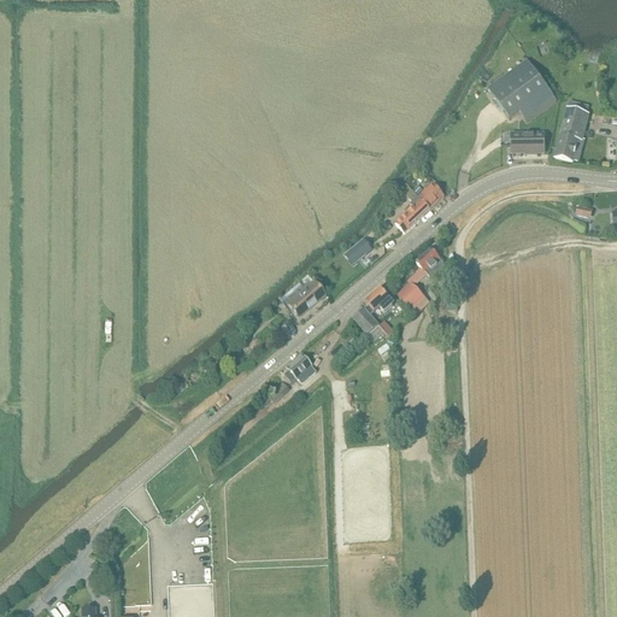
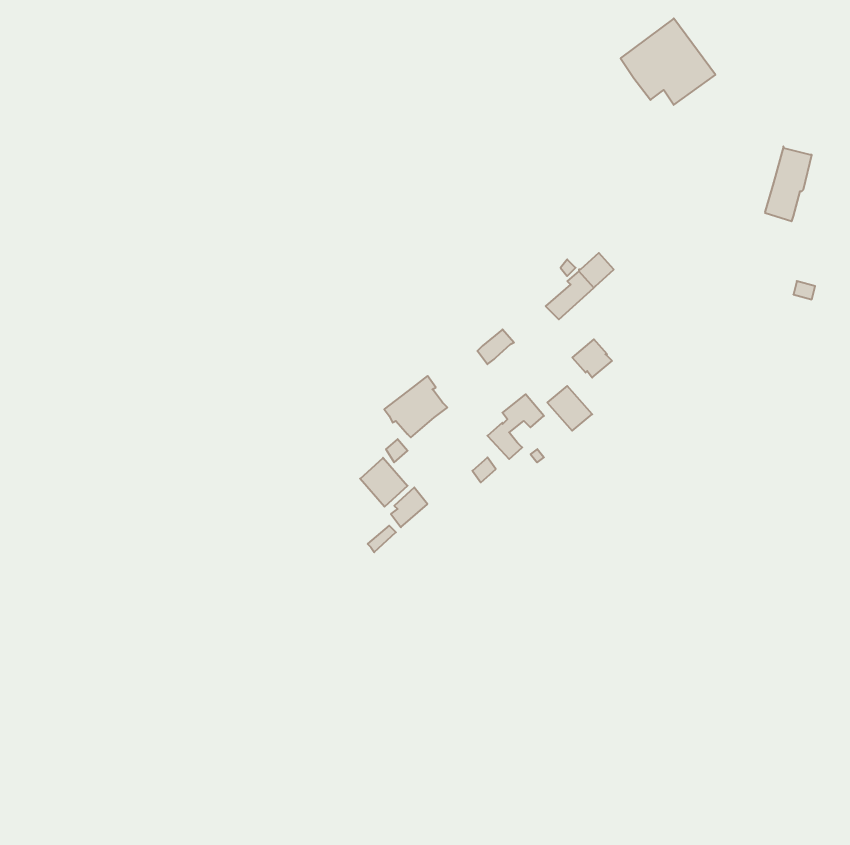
building: [488,58,557,121] -> [621,18,715,105]
building: [511,131,545,152] -> none
building: none -> [360,458,408,507]

